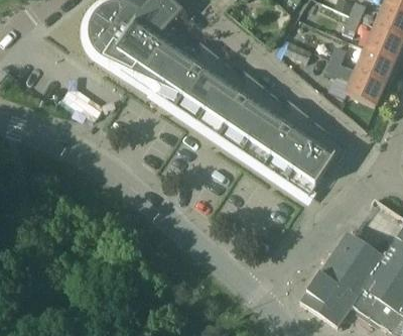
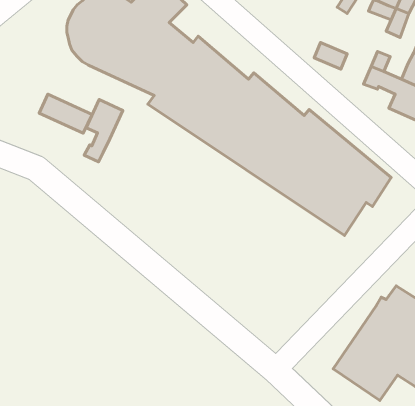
building: none -> [84,99,123,162]

